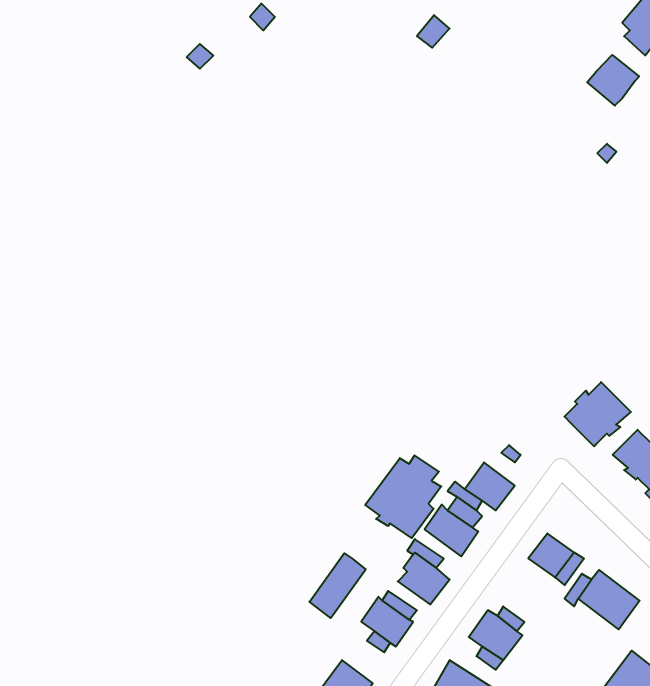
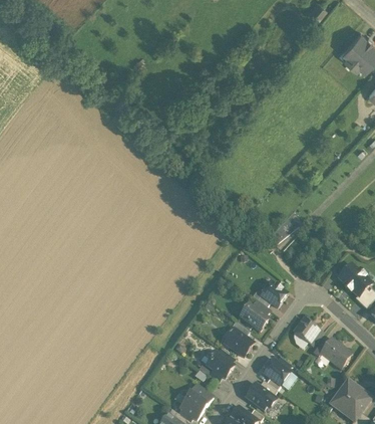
building: [587,55,639,106] -> none
building: [564,382,631,446] -> none
building: [365,455,441,538] -> none
building: [309,553,366,618] -> none

